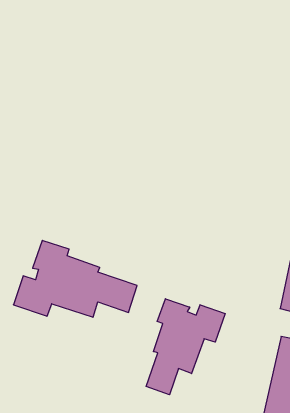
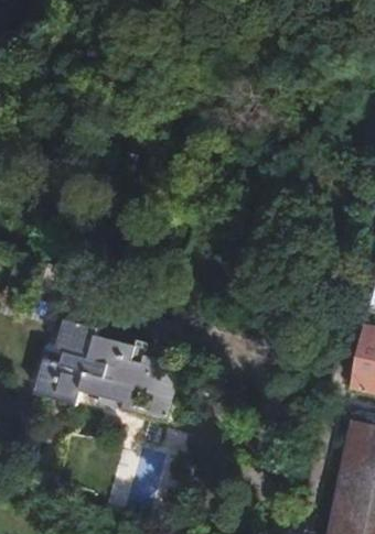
building: [146,299,225,395] -> none

